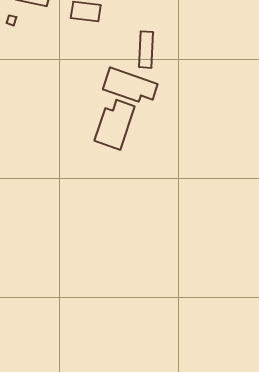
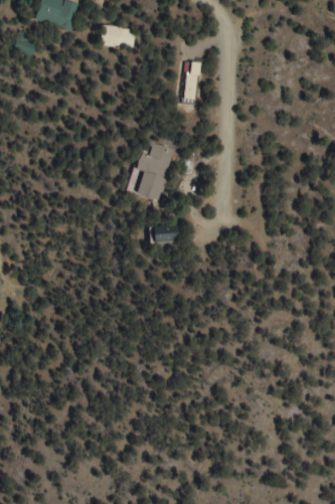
building: [103,67,158,102] -> none
building: none -> [154,224,181,240]

